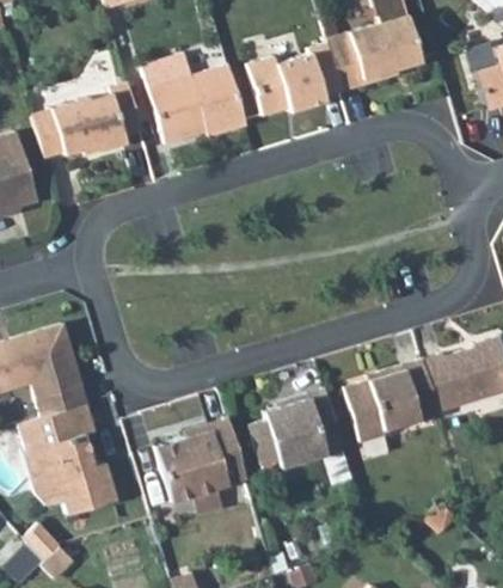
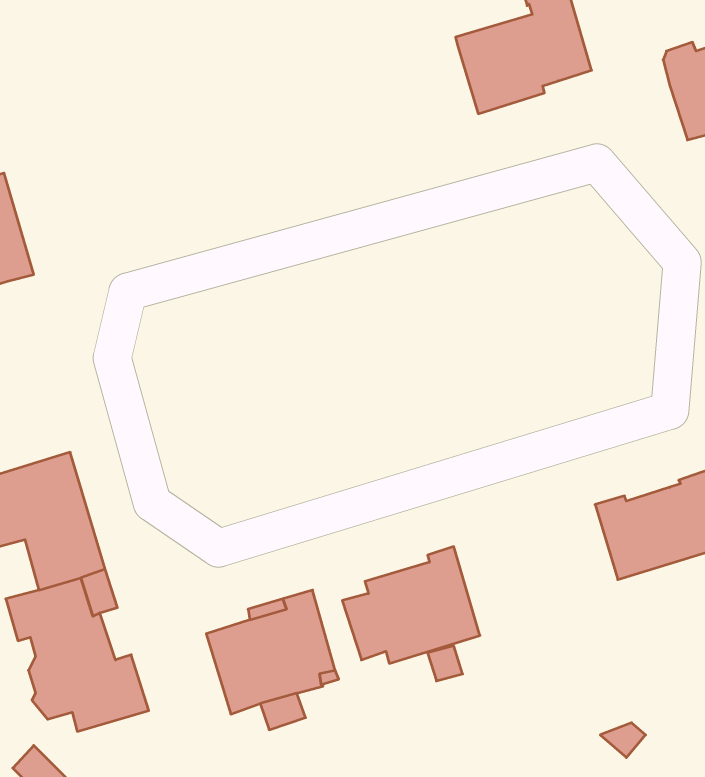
building: [246,43,342,115] -> none
building: [143,53,246,143] -> none
building: [32,79,142,158] -> none
building: [343,359,438,441] -> none

